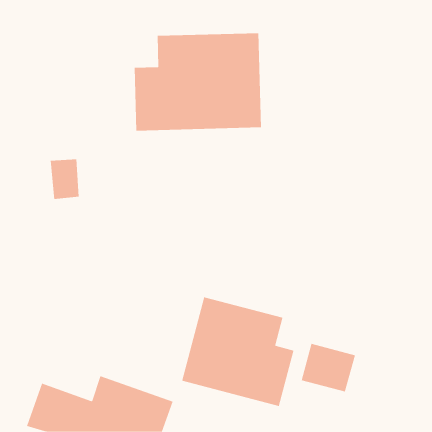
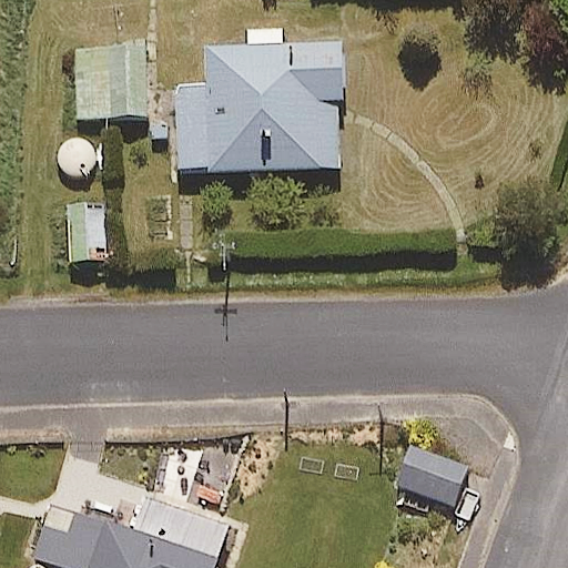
building: none -> [75,48,146,119]
building: [182,297,294,407] -> none

